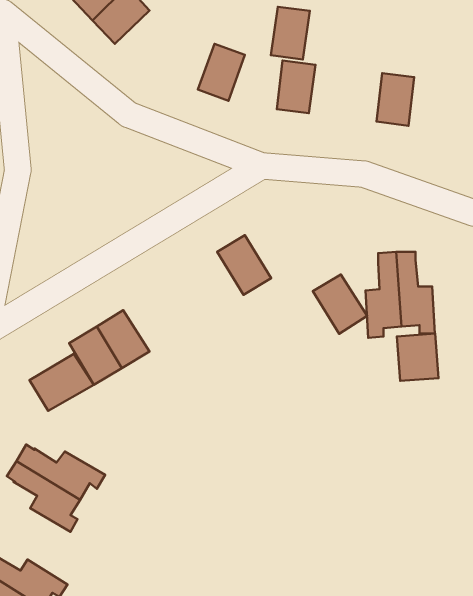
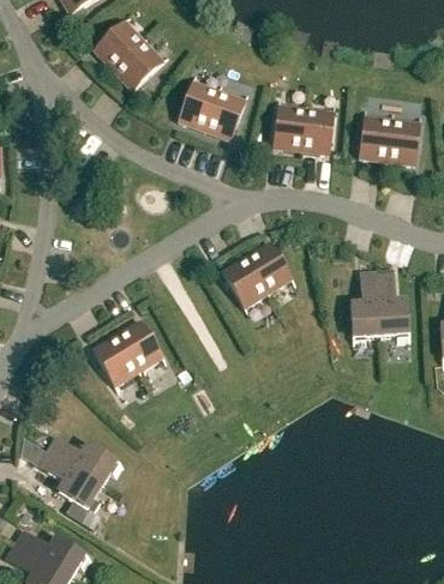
building: [271,7,310,59] -> [300,107,334,152]
building: none -> [178,79,218,128]
building: none -> [386,118,419,163]
building: [313,274,367,334] -> [245,240,292,291]
building: [397,334,438,381] -> none
building: [30,354,94,411] -> none

